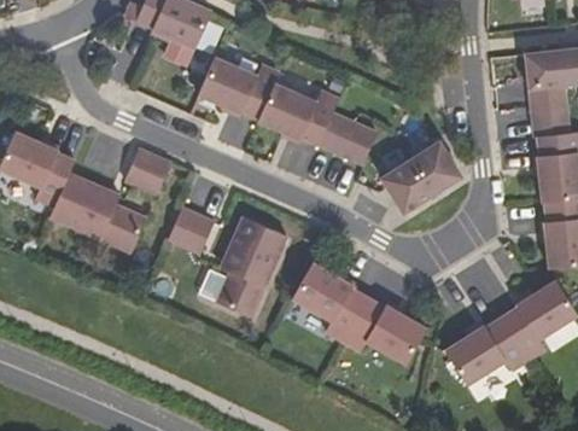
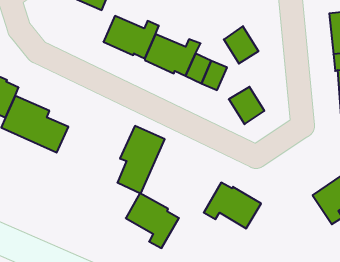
building: [409,140,460,194] -> [224,26,259,64]
building: [123,148,170,194] -> none
building: [167,208,214,254] -> none
building: [291,262,368,342] -> [126,193,179,248]
building: [444,316,529,385] -> none

